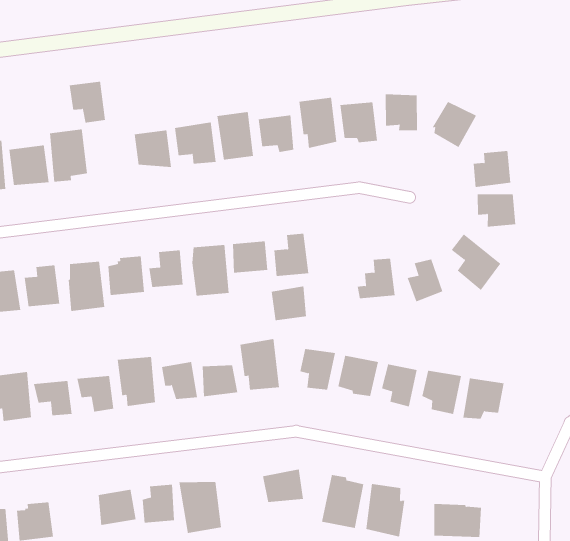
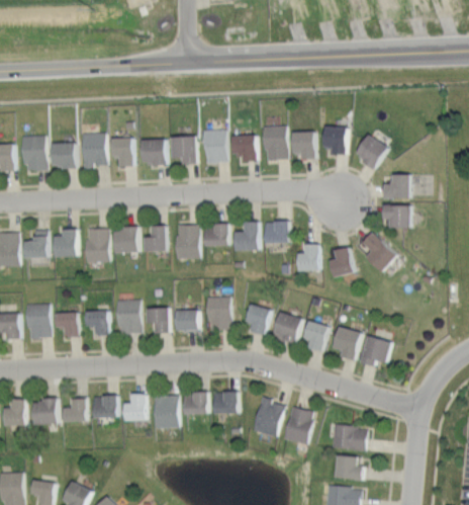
building: [69,81,106,123] -> [110,138,134,167]
building: [271,286,307,321] -> [264,221,288,244]
building: none -> [182,392,208,414]
building: none -> [62,399,87,422]

